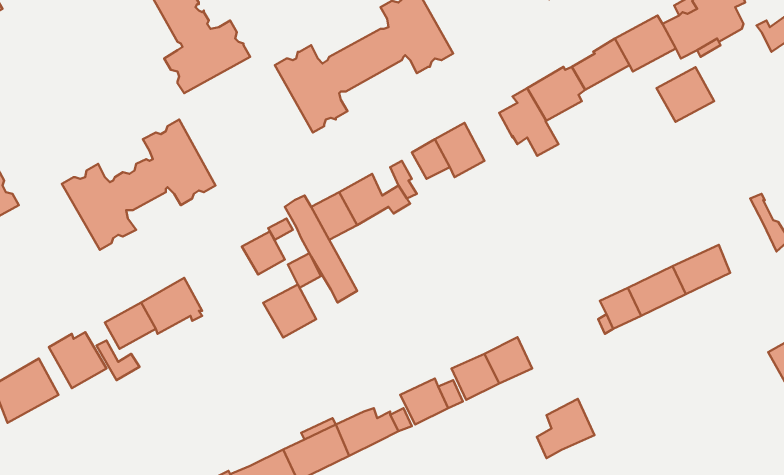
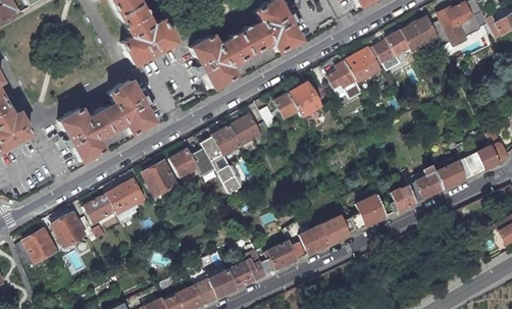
building: [657,67,714,122] -> none
building: none -> [465,145,501,175]
building: [263,285,316,337] -> [144,162,176,195]
building: [537,399,594,458] -> [352,194,388,230]

